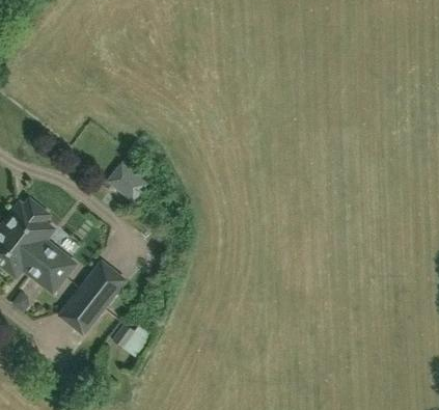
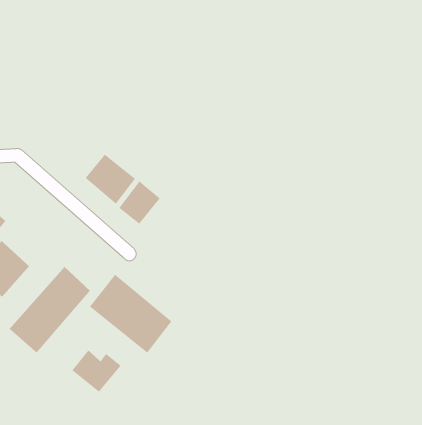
building: none -> [118,181,161,225]
building: none -> [89,274,172,353]

